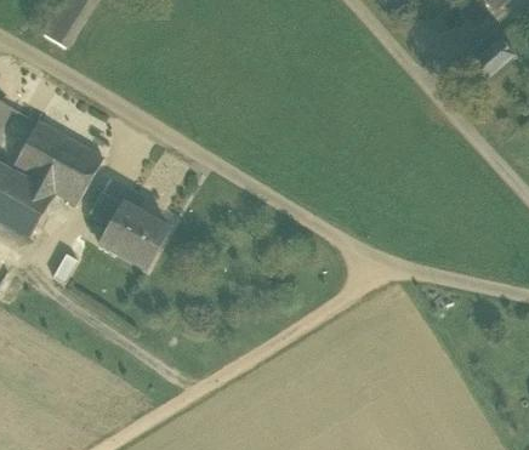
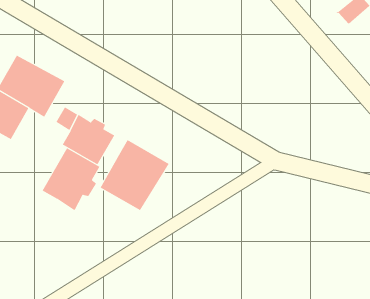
building: none -> [100,139,170,211]
building: none -> [42,147,100,211]

